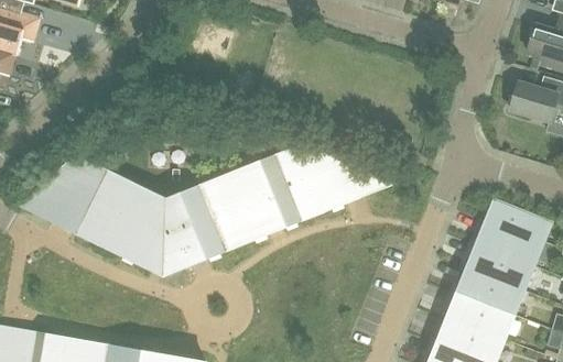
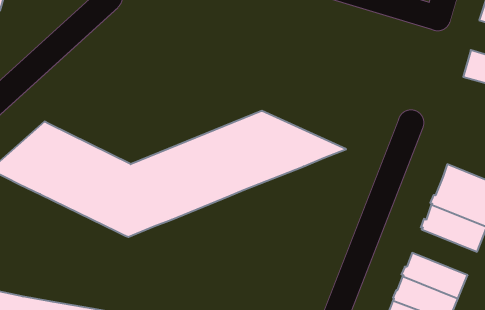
building: [456,266,524,314] -> none

